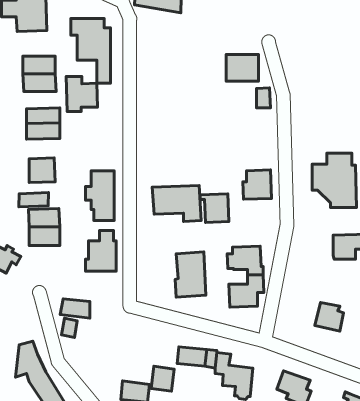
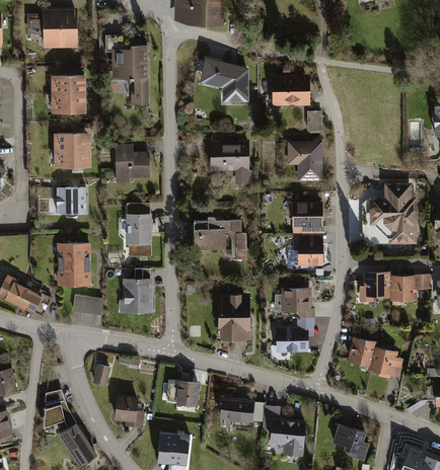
building: none -> [200,59,249,104]
building: [66,77,98,112] -> [116,145,150,183]
building: none -> [210,141,249,183]
building: none -> [287,142,321,180]
building: [19,193,49,207] -> none
building: [200,194,229,223] -> [293,233,324,264]
building: none -> [358,269,391,301]
building: none -> [347,336,378,373]
building: [60,299,90,318] -> [71,295,103,316]
building: none -> [115,396,143,428]
building: [151,366,174,391] -> [175,380,201,407]

